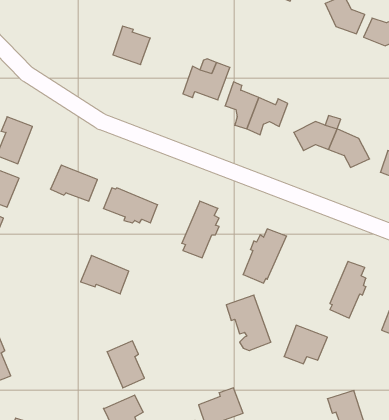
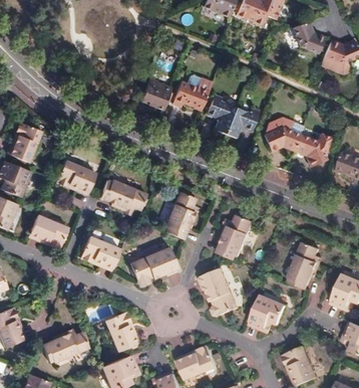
building: [113,26,150,65] -> [135,75,166,108]
building: none -> [30,216,69,250]
building: none -> [128,245,177,283]
building: none -> [41,330,88,361]

